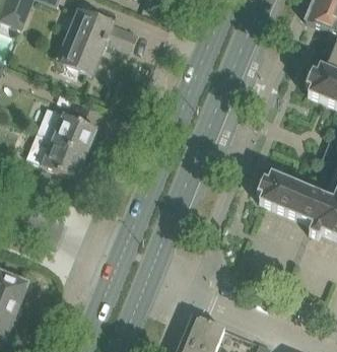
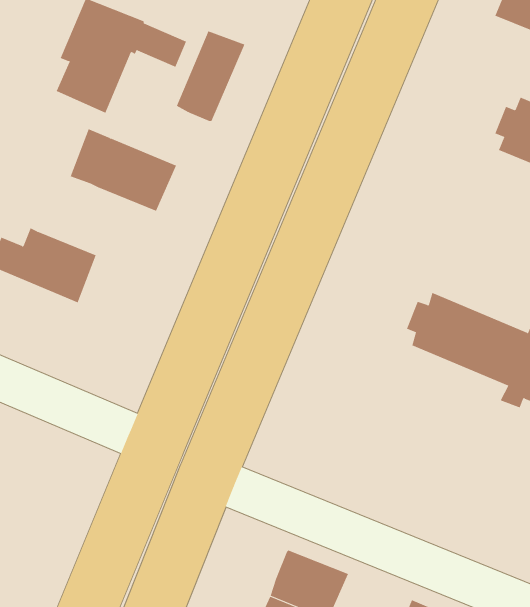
building: none -> [176,31,245,122]
building: [39,107,97,152] -> [70,129,177,212]

